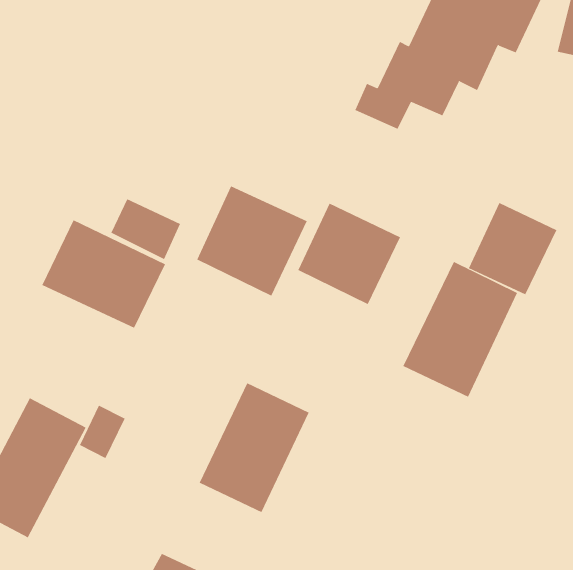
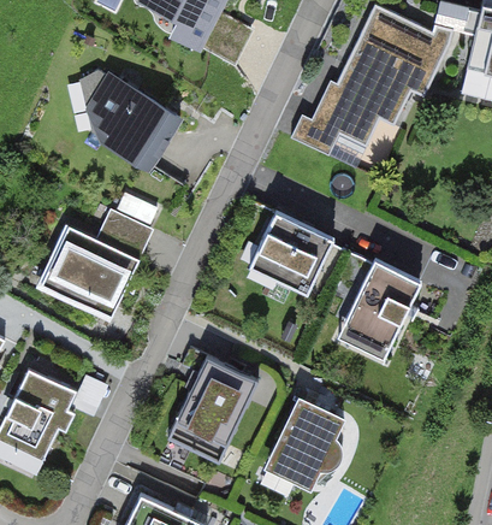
building: none -> [77,67,182,172]
building: [196,185,307,296] -> none
building: [468,202,557,295] -> none
building: none -> [265,399,345,491]

